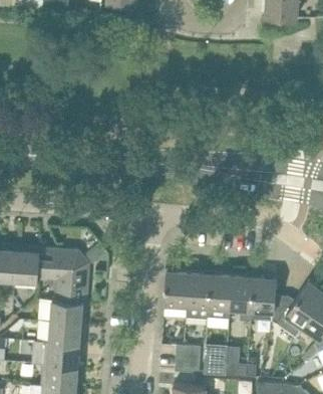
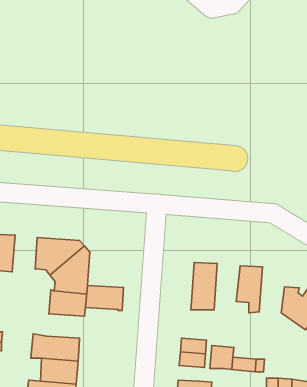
building: [15,246,39,282] -> none
building: [165,270,189,306] -> none
building: [208,273,233,319] -> none
building: [251,276,276,321] -> none
building: [48,322,84,346] -> [85,285,123,311]

